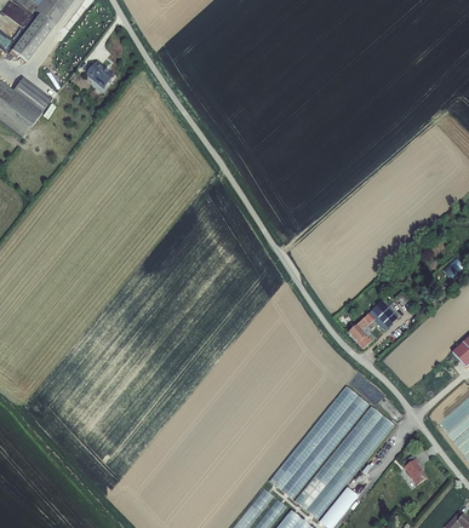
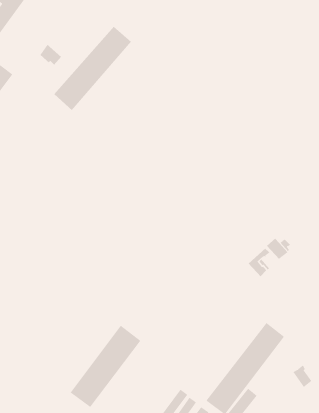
building: none -> [54,26,132,111]
building: [270,385,368,499] -> none
building: none -> [70,325,141,408]

